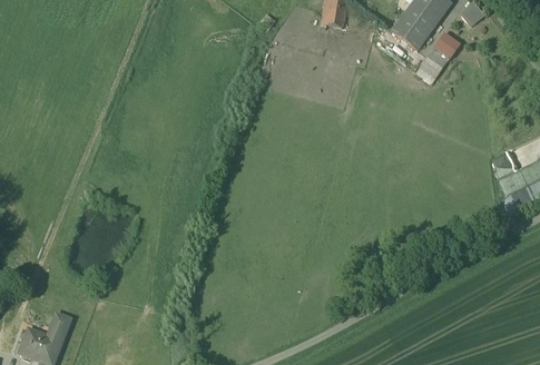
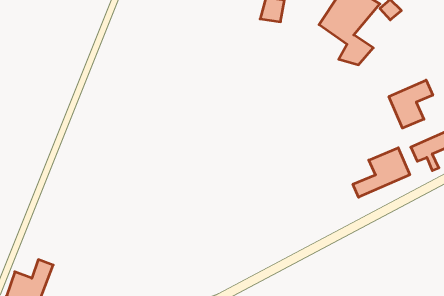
building: none -> [389,80,433,128]
building: none -> [353,148,410,197]

